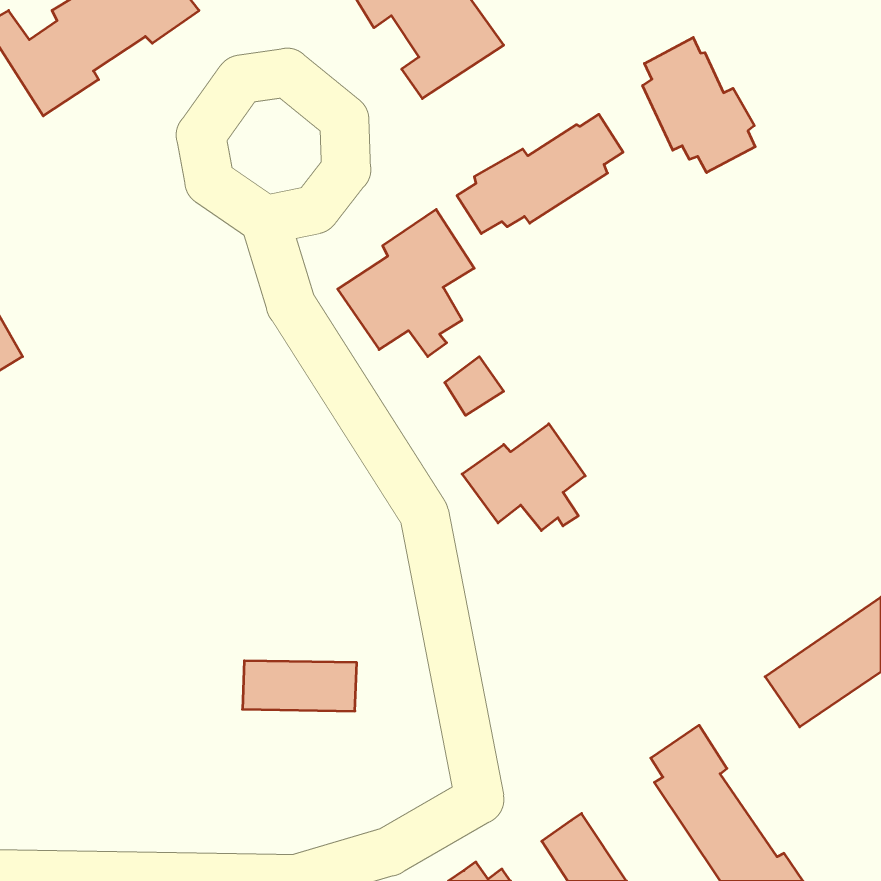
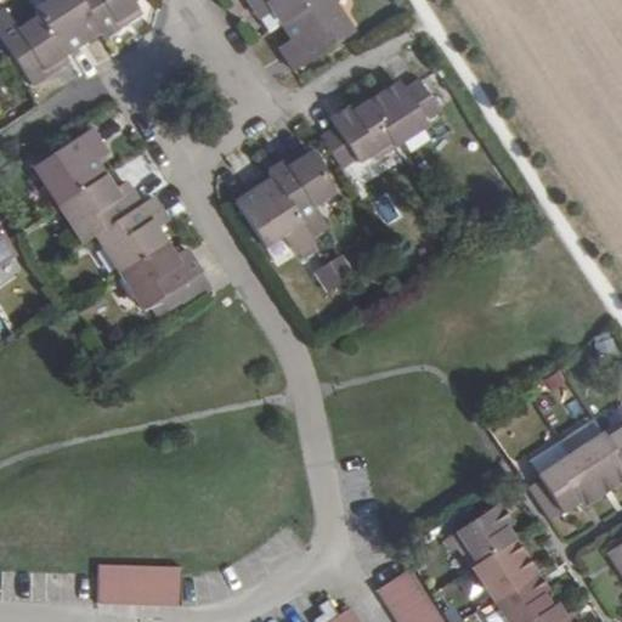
building: [643,37,755,173] -> none
building: none -> [38,126,203,306]
building: [462,424,585,531] -> none
building: [242,661,357,711] -> [98,567,179,603]

